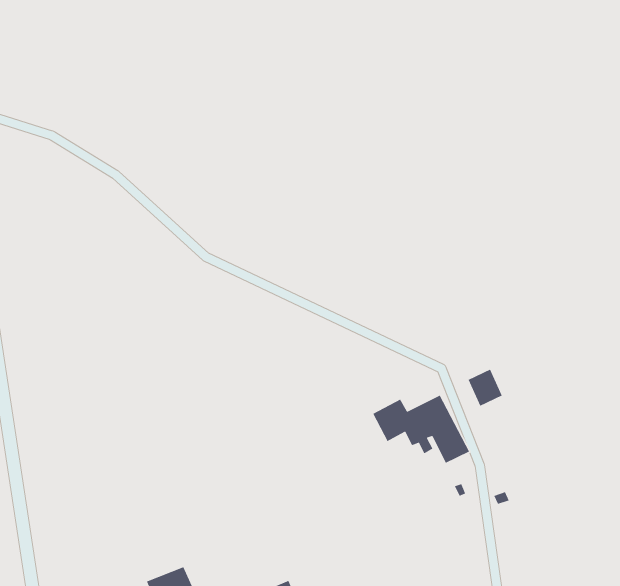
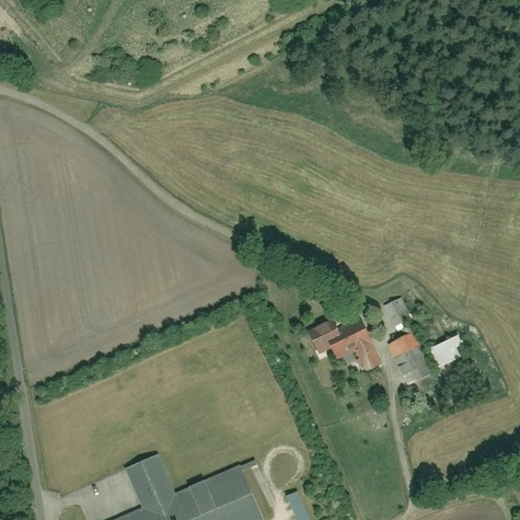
building: none -> [388,334,430,384]
building: none -> [429,338,463,368]

